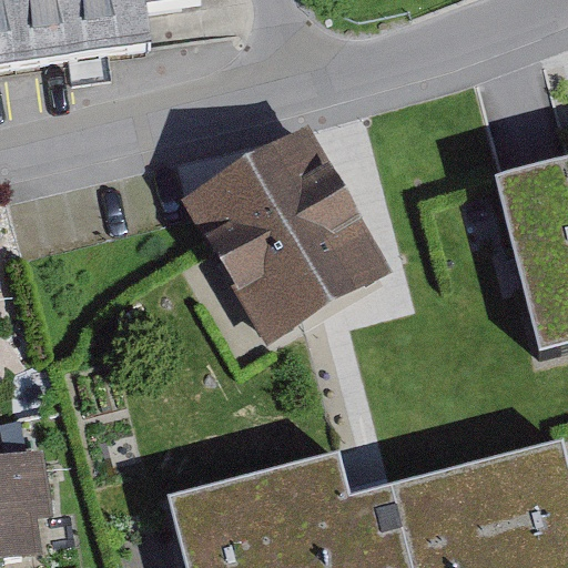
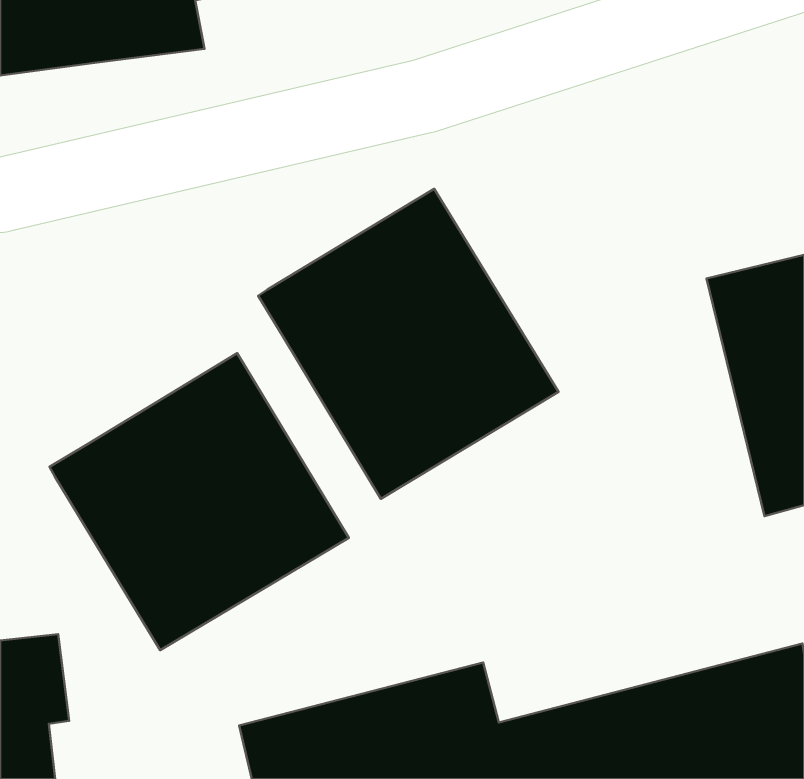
building: none -> [49,353,349,650]

